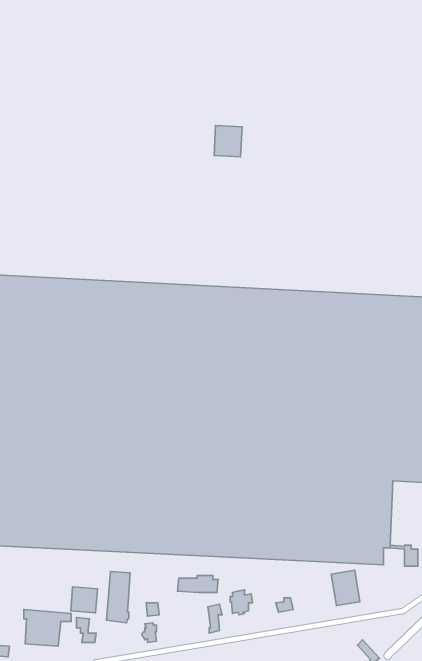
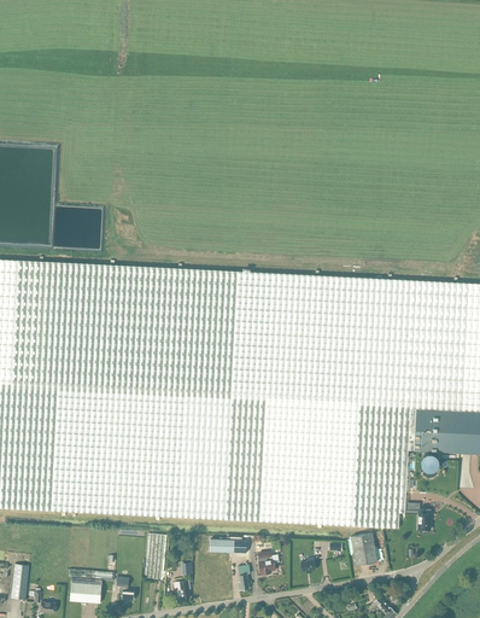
building: [214,126,242,157] -> none
building: [71,587,98,613] -> none

